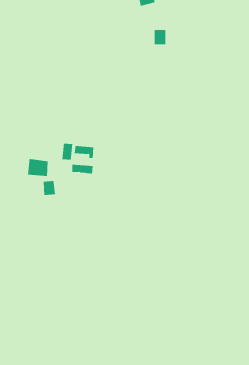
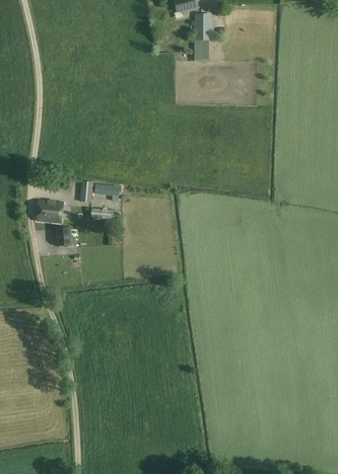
building: none -> [194,14,212,41]

